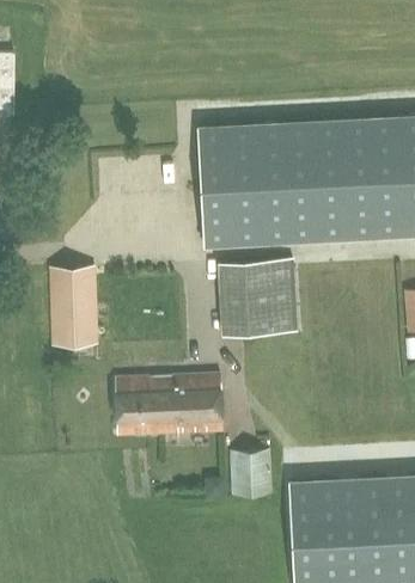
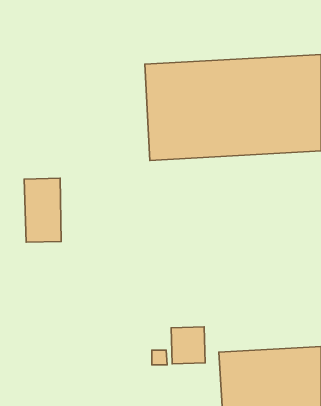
building: [219,259,295,337] -> none
building: [114,374,222,436] -> none

